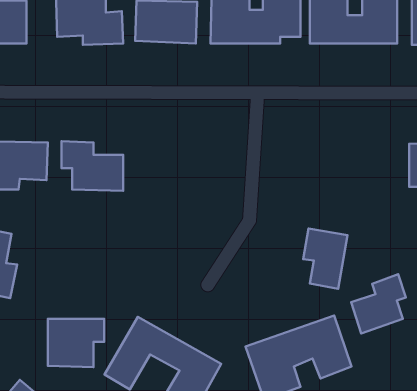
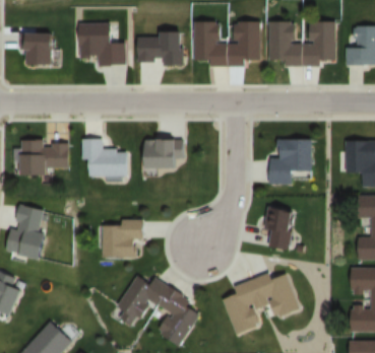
building: none -> [270,139,311,184]
building: none -> [145,140,179,169]
building: [351,274,406,333] -> none
building: [48,319,104,367] -> [101,221,143,258]

